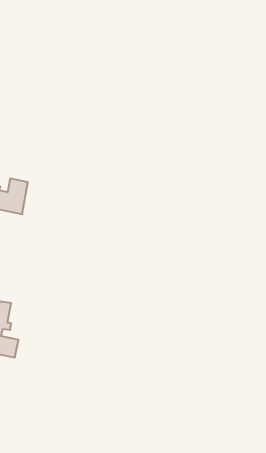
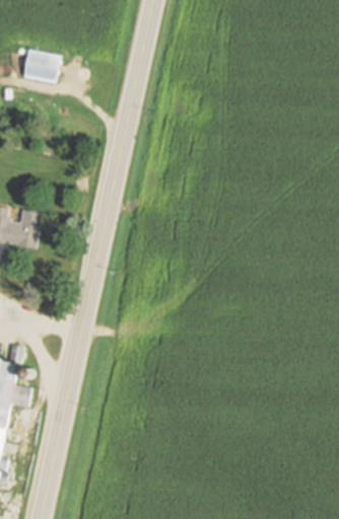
building: none -> [24,50,61,82]

